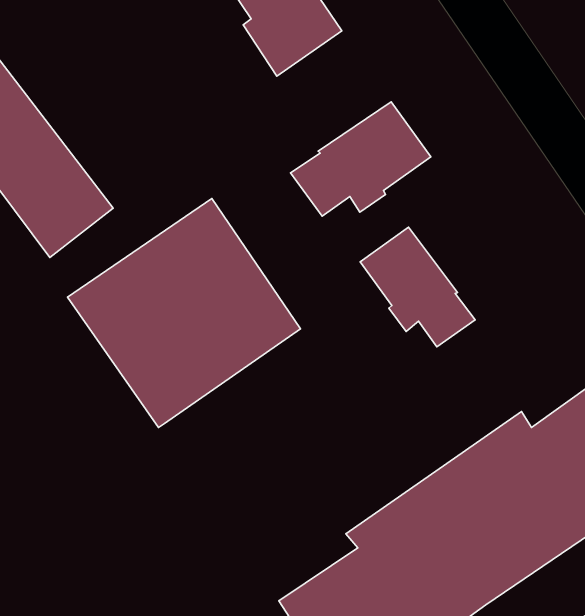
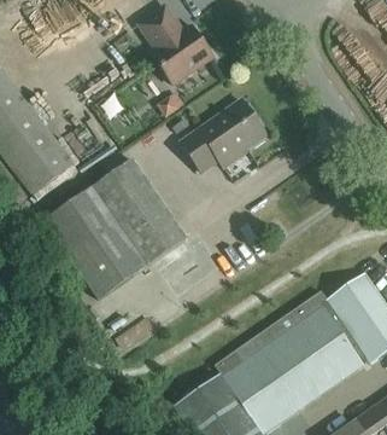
building: [360,227,475,347] -> none

